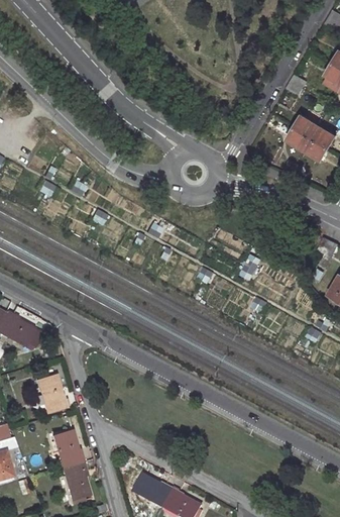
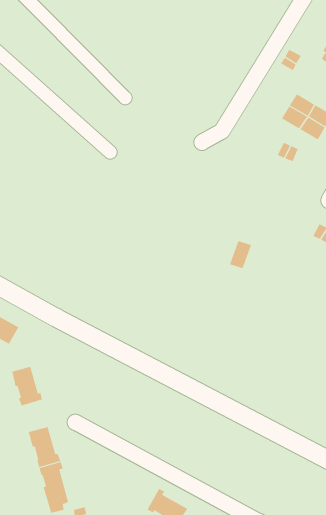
building: [133,473,174,506] -> none

